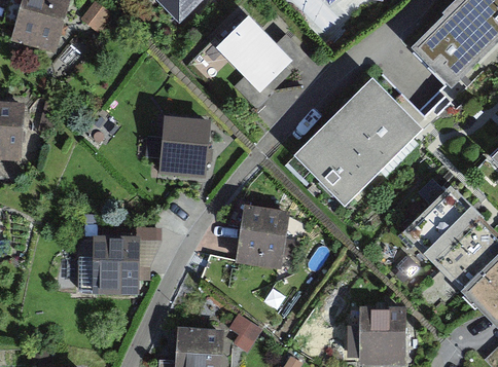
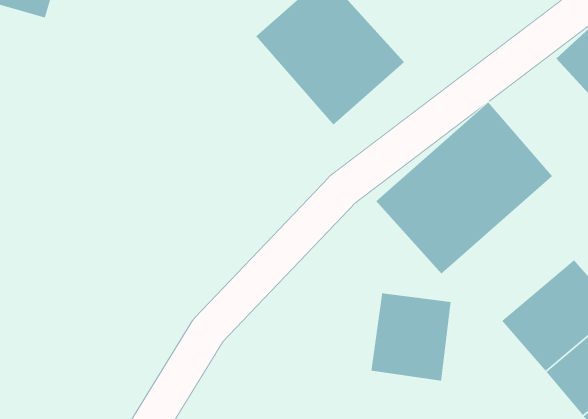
building: [154,119,213,176] -> none
building: [237,209,289,267] -> [370,293,452,382]
building: [83,236,146,293] -> none

